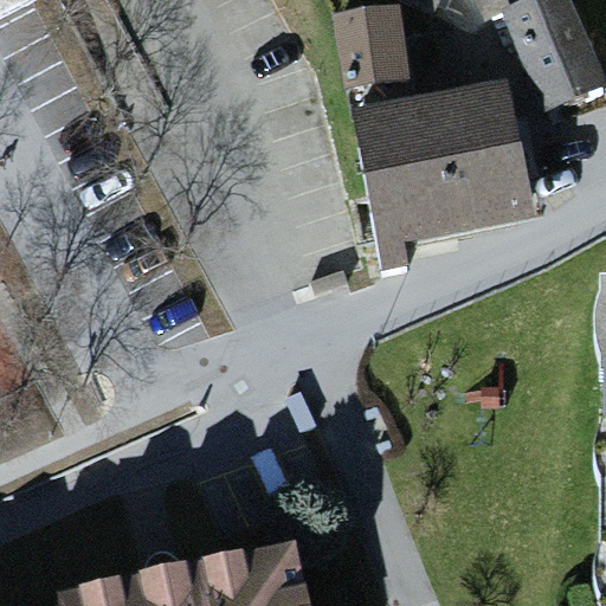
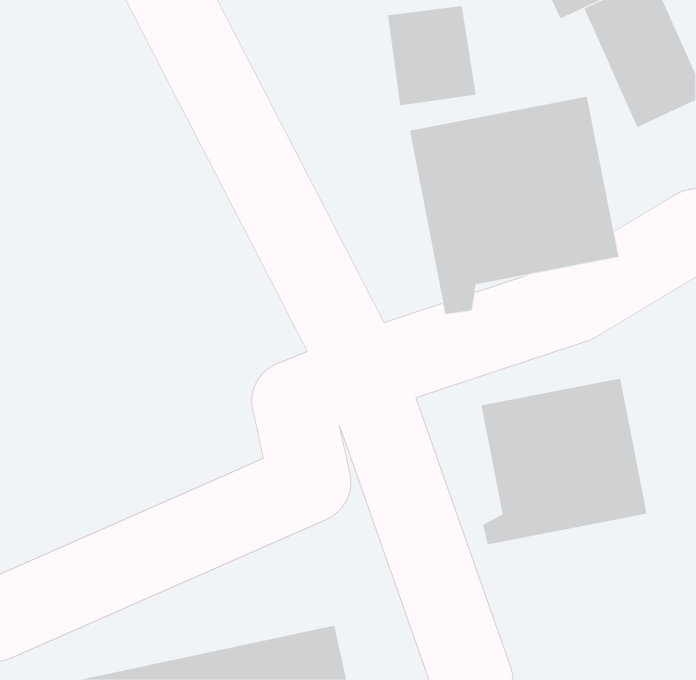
building: none -> [481,378,647,545]

